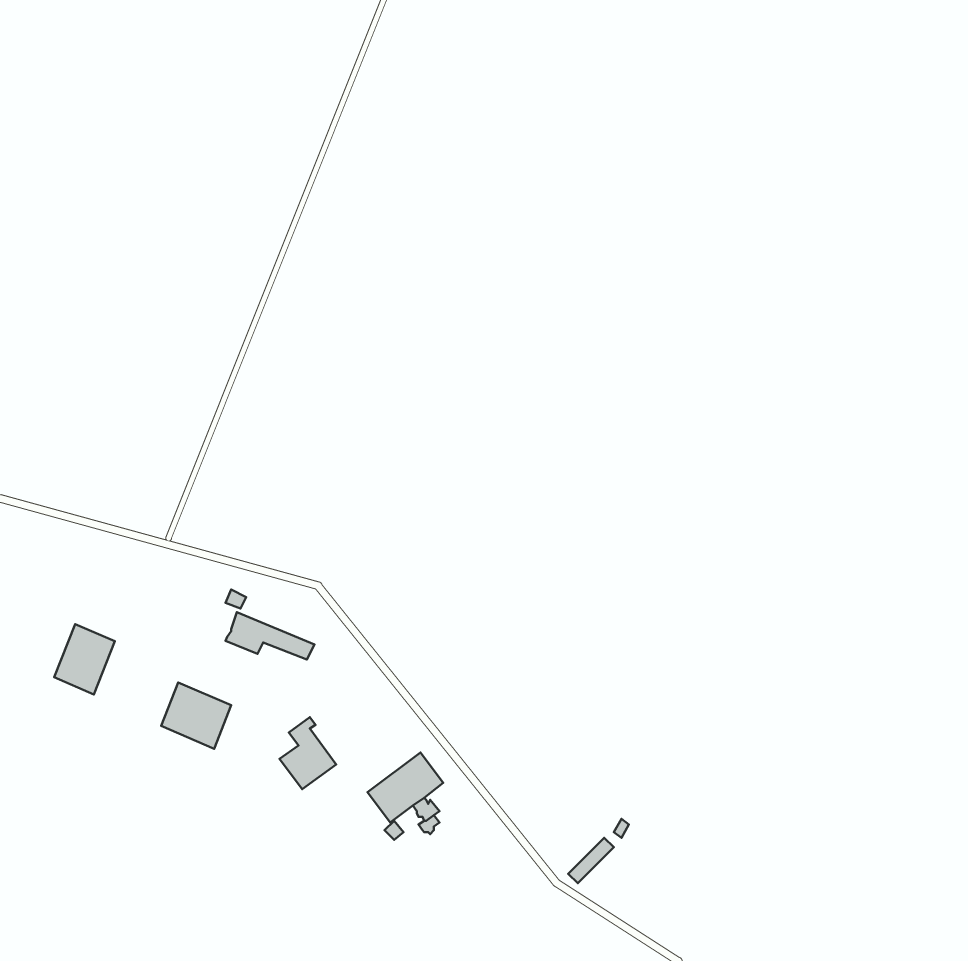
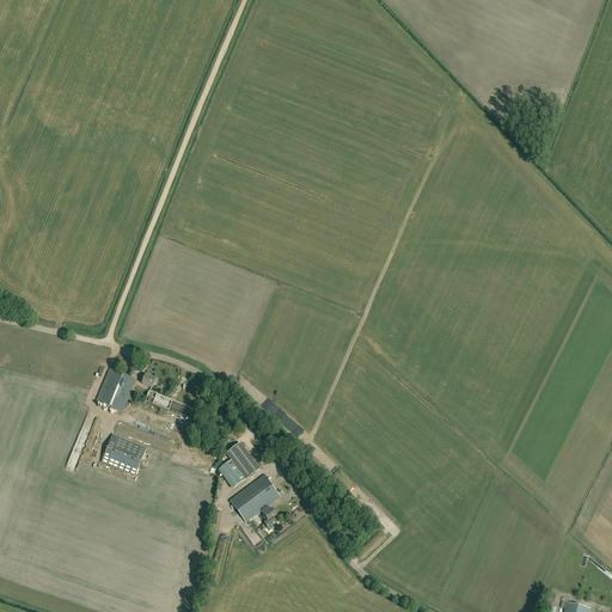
building: [54,624,115,694] -> [97,365,135,409]
building: [279,717,336,789] -> [220,440,256,485]

